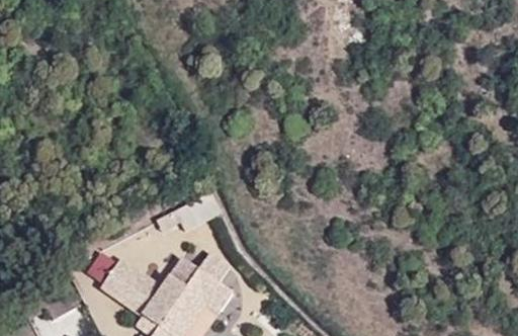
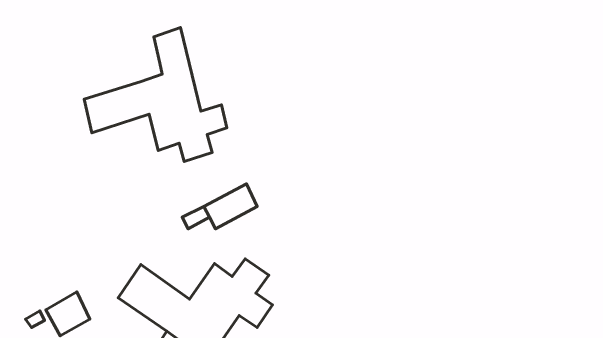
building: none -> [84,28,227,162]

